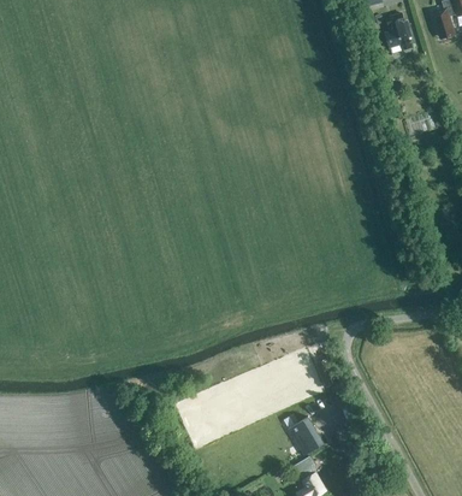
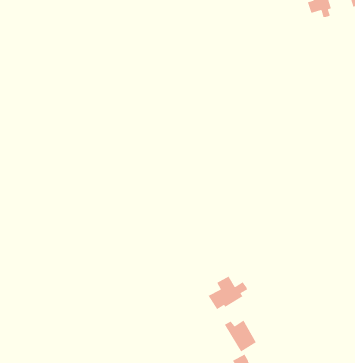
building: none -> [208,275,248,310]

